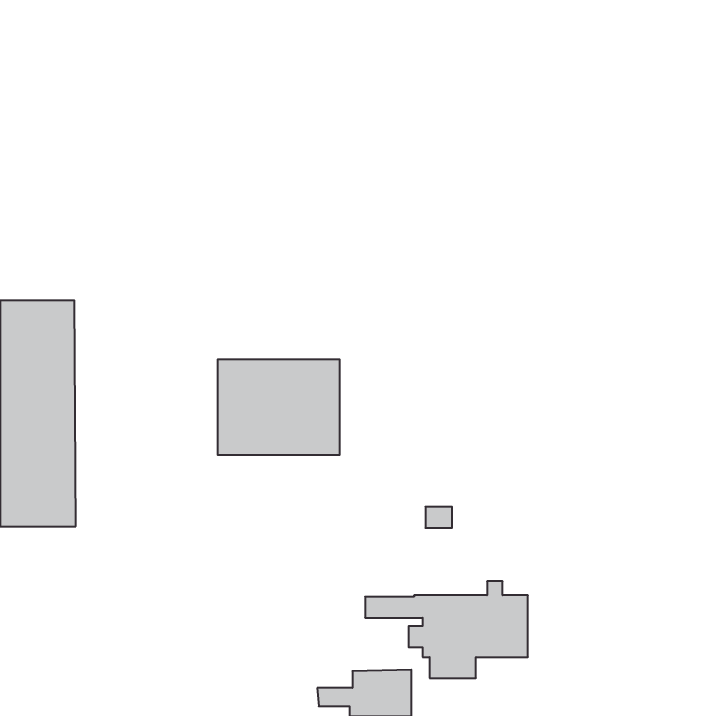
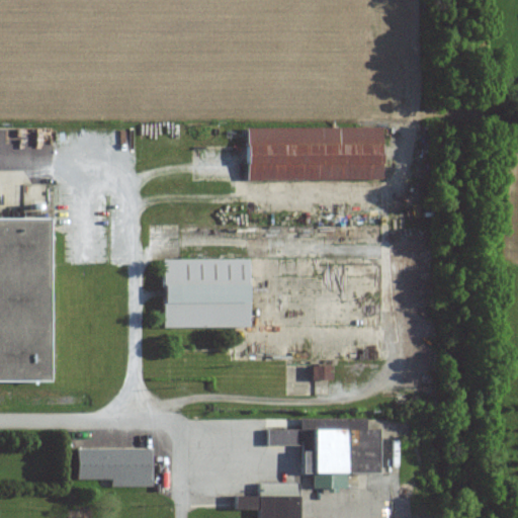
building: none -> [241,126,376,180]
building: none -> [72,448,150,487]

